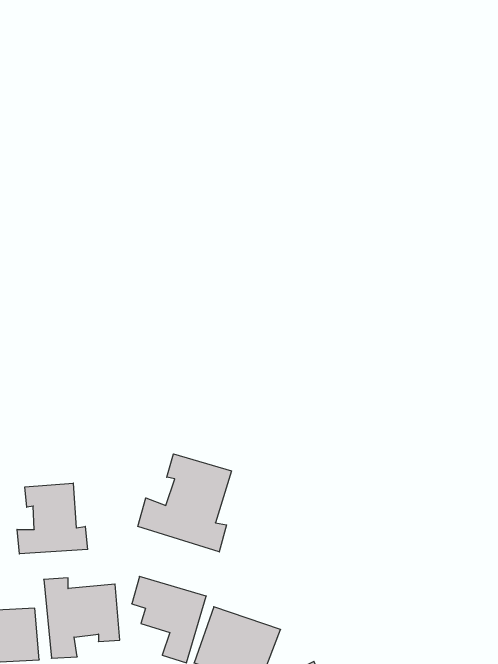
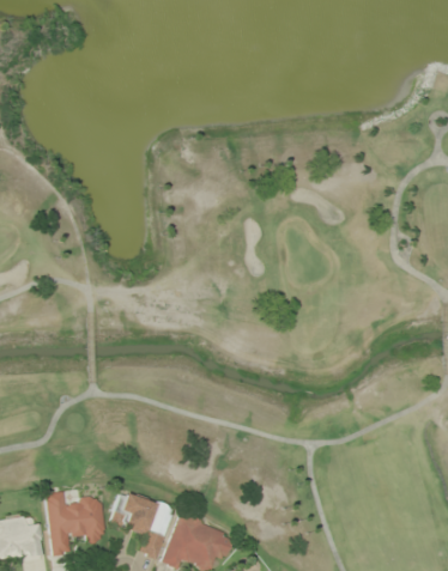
building: [138,454,232,552] -> none
building: [17,483,88,554] -> none

